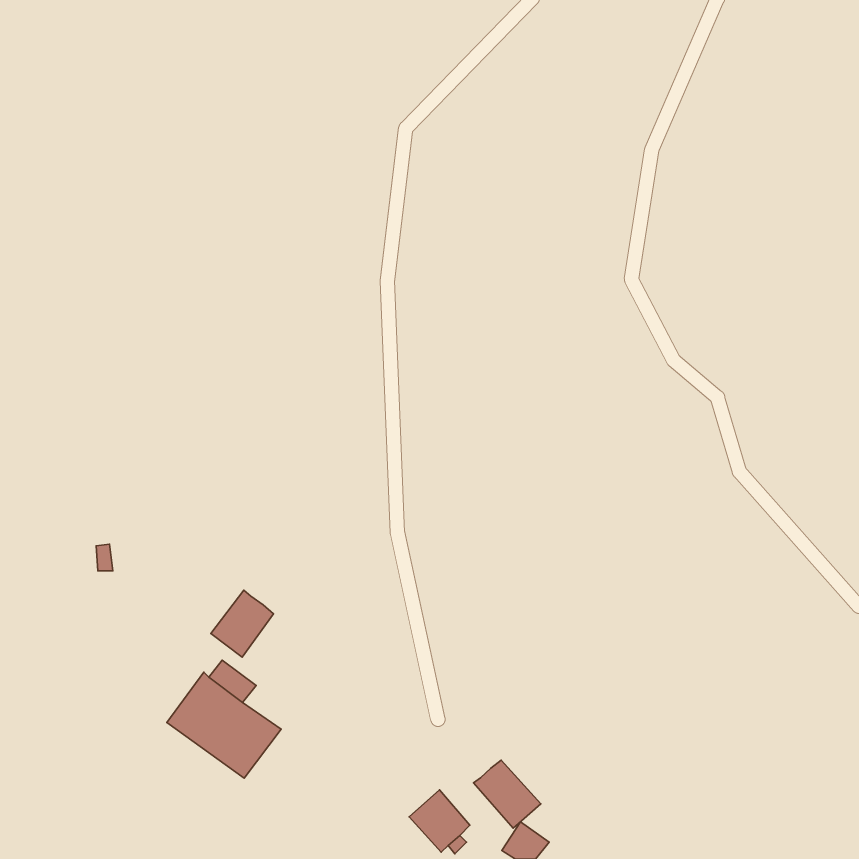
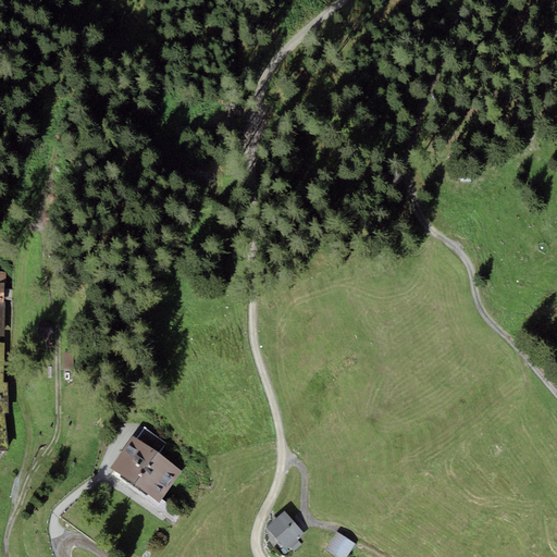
building: [211,590,274,657] -> none
building: [473,760,541,828] -> none

